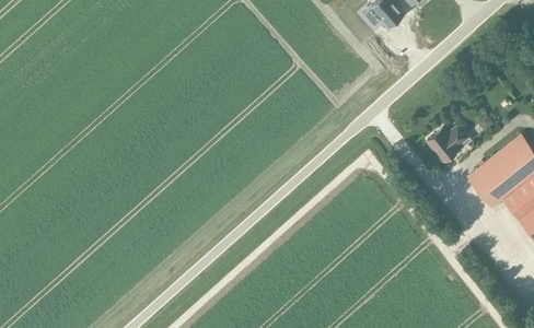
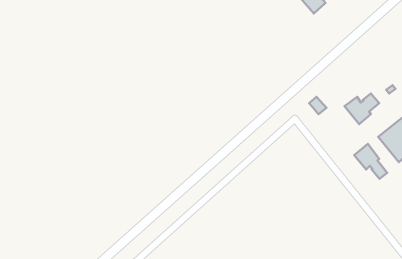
building: none -> [354,144,387,179]

